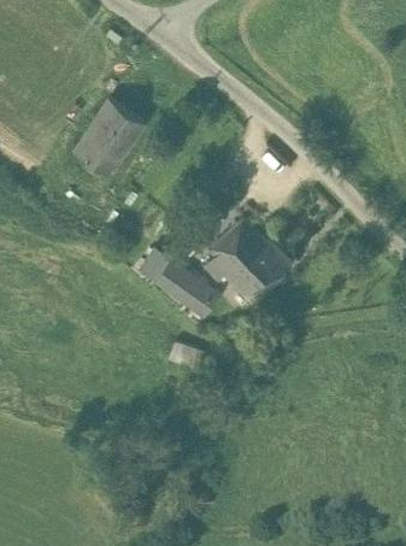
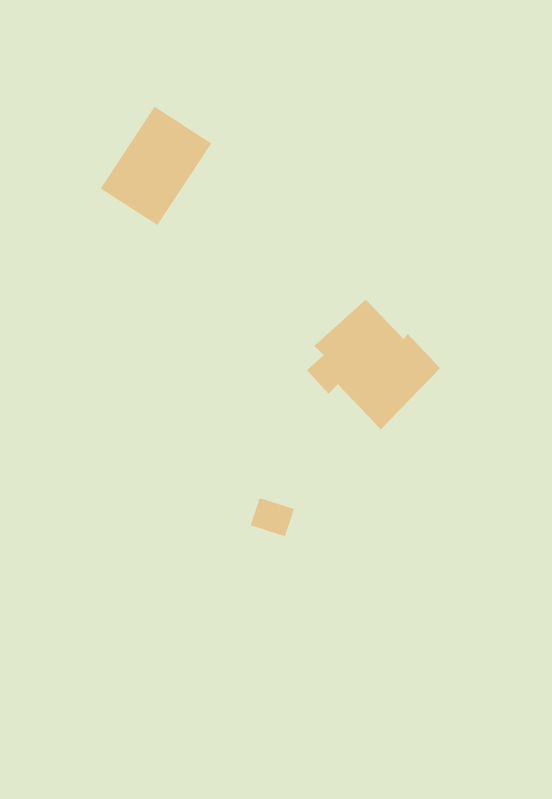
building: [143,252,222,317] -> none

